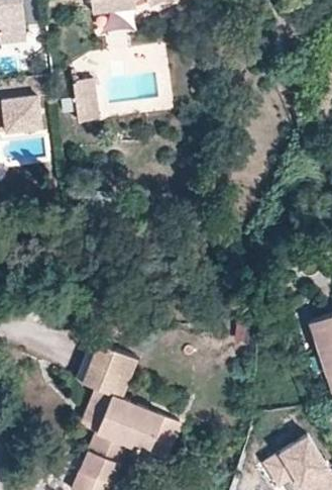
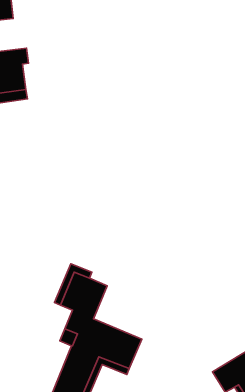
building: [72,80,99,123] -> none

